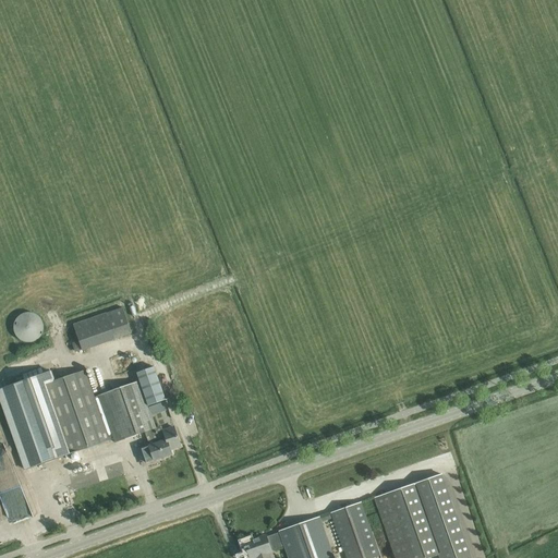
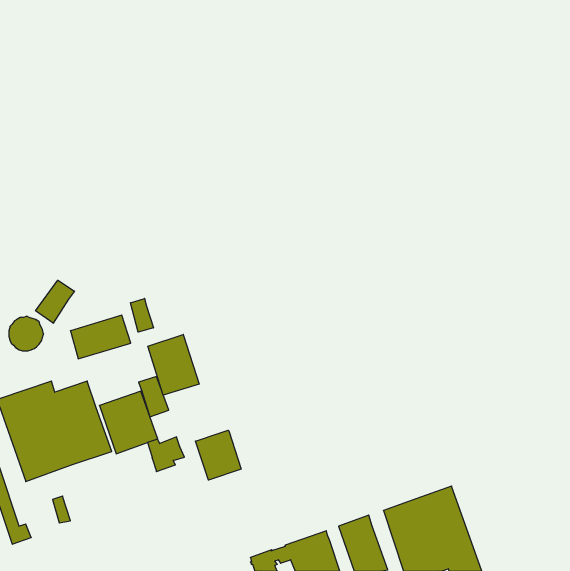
building: none -> [36,280,74,323]
building: none -> [130,298,153,332]
building: none -> [148,334,199,395]
building: none -> [195,430,241,480]

